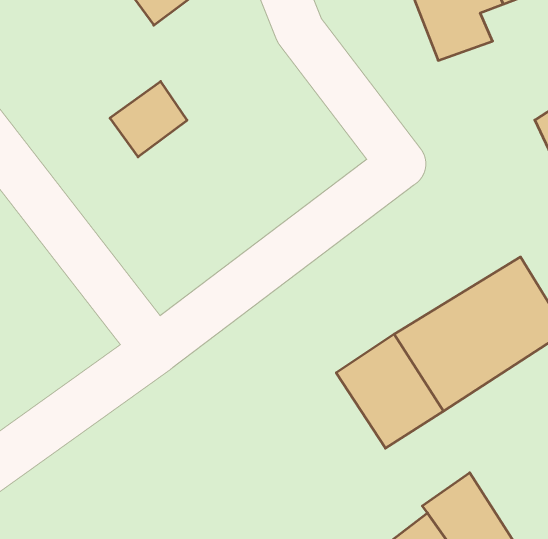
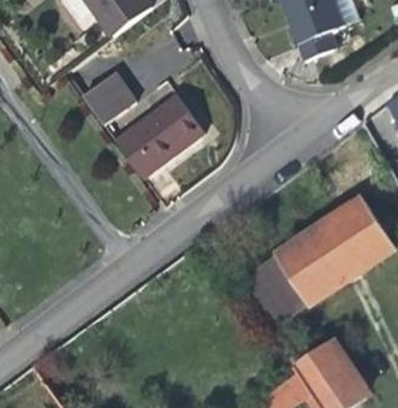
building: none -> [111,94,202,181]

